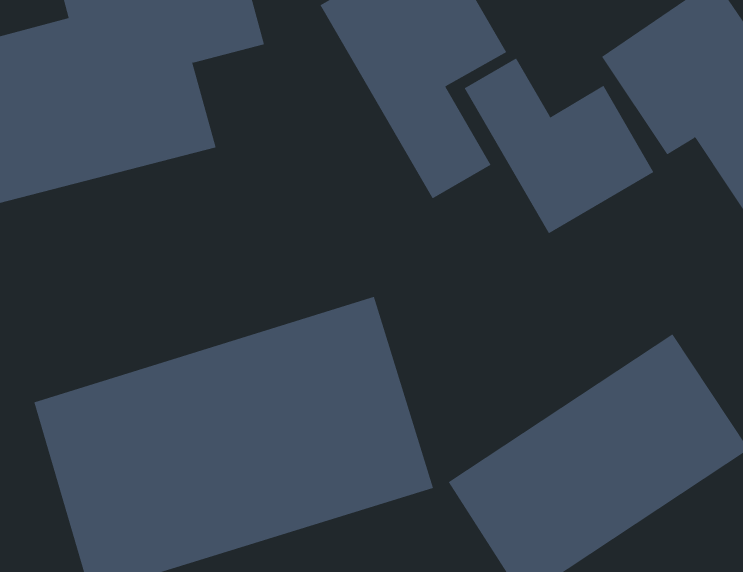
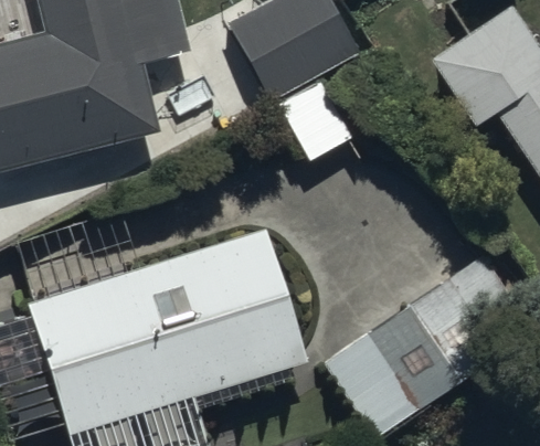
building: [464,58,654,234] -> none

